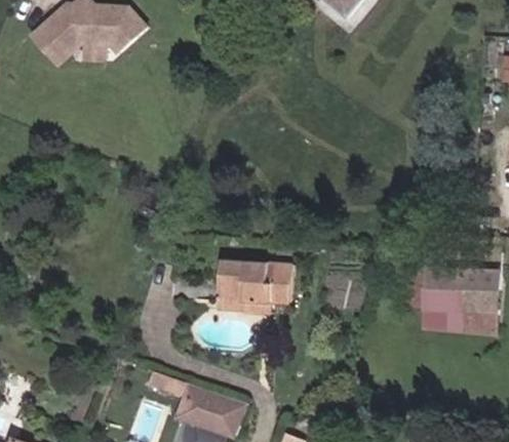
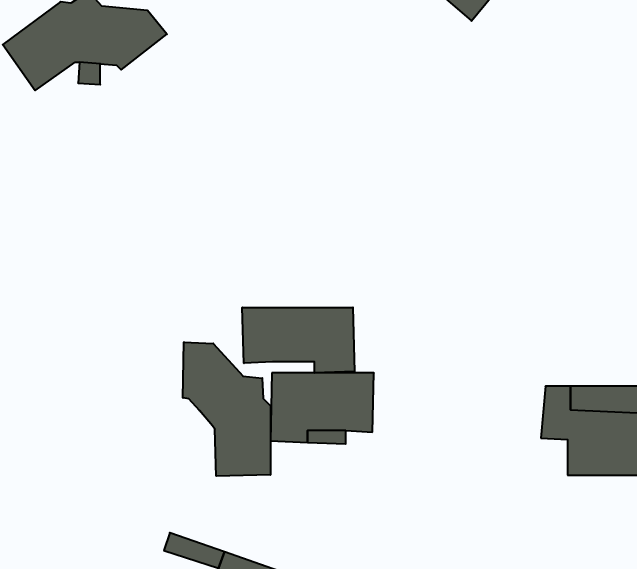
building: none -> [242,307,354,373]
building: none -> [183,342,270,476]

